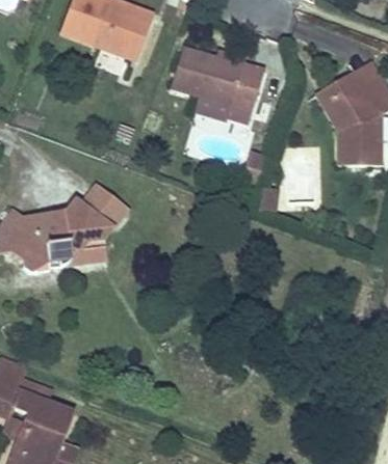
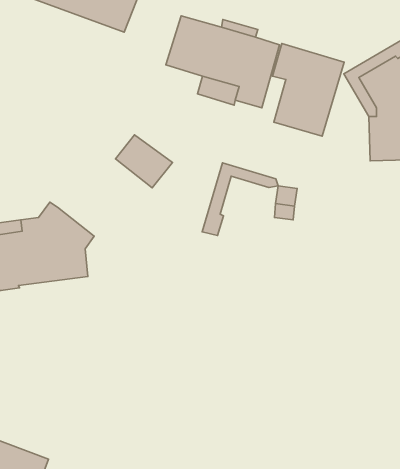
building: none -> [273,44,344,136]
building: none -> [202,163,278,235]
building: [81,184,128,227] -> [116,135,172,188]

